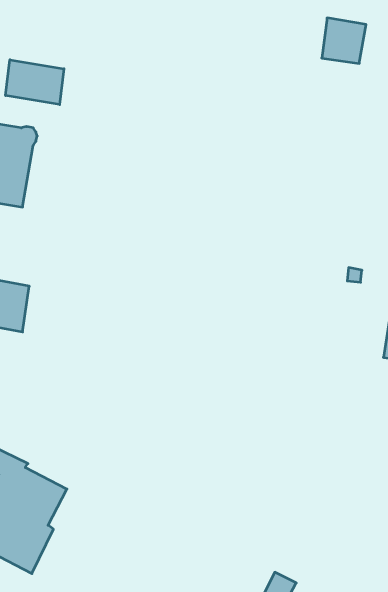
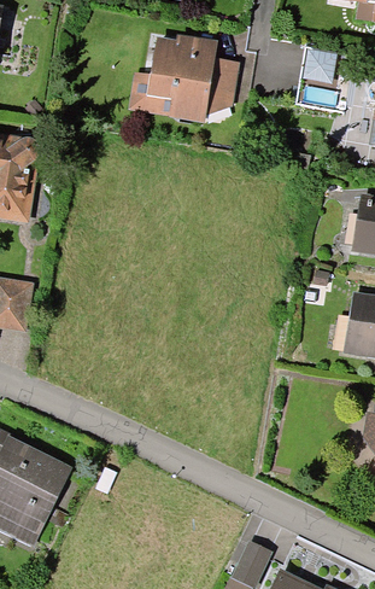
building: none -> [133,41,236,118]
building: [6,60,64,105] -> none

